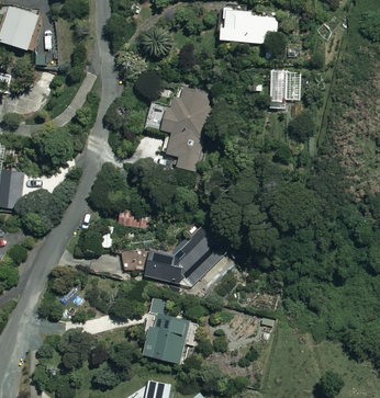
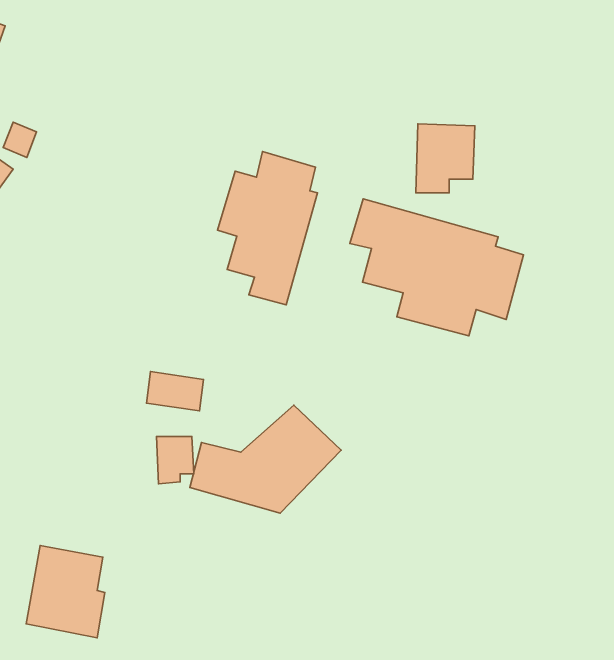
building: [216,7,278,44] -> none
building: none -> [350,199,523,336]
building: [141,310,185,362] -> [26,545,105,638]

